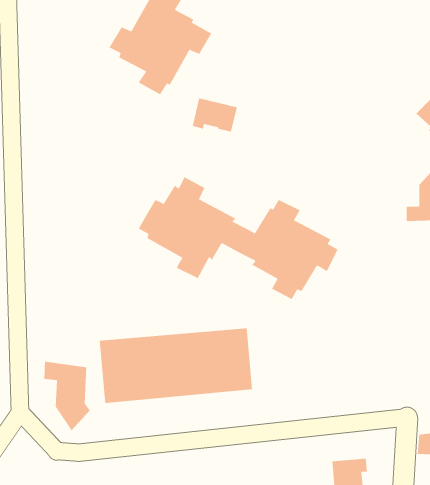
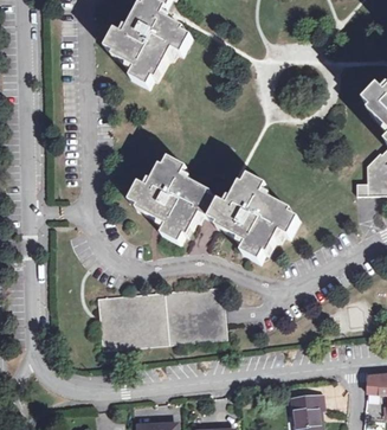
building: [192,98,237,132] -> none
building: [44,361,91,431] -> none

